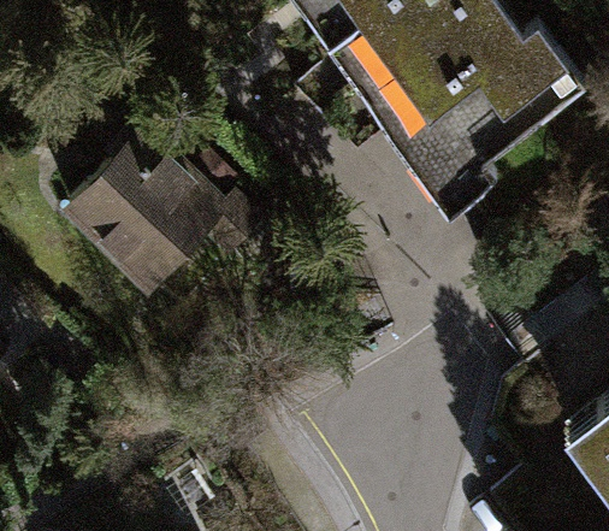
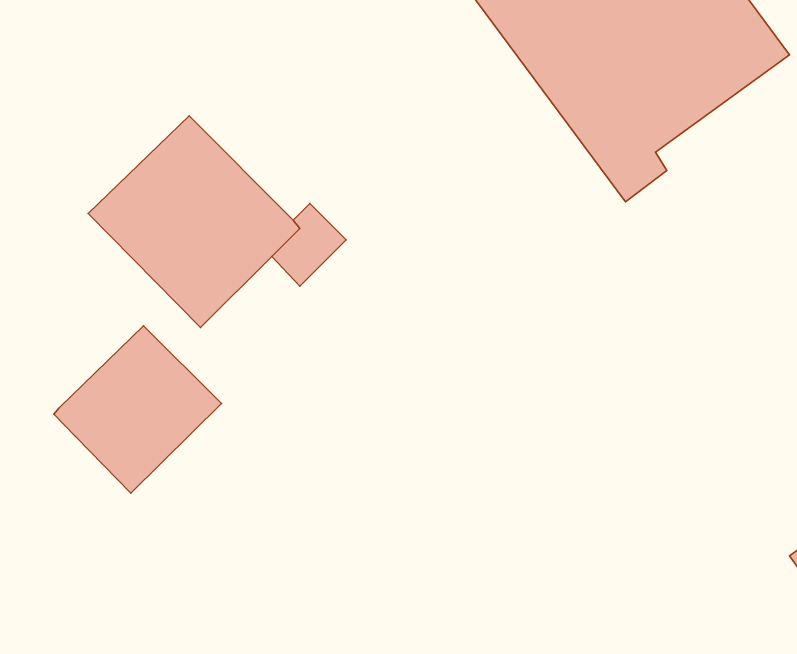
building: none -> [54,326,222,493]

